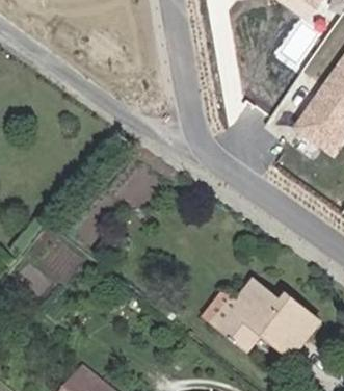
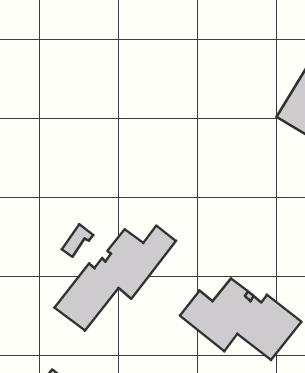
building: none -> [54,226,176,331]

